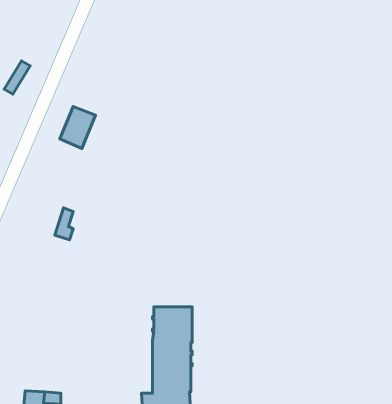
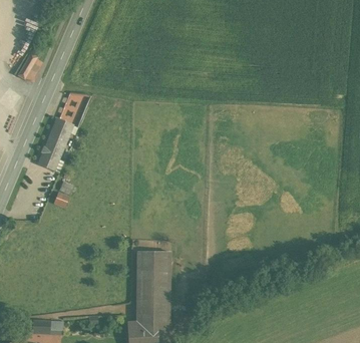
building: none -> [38,118,72,169]

